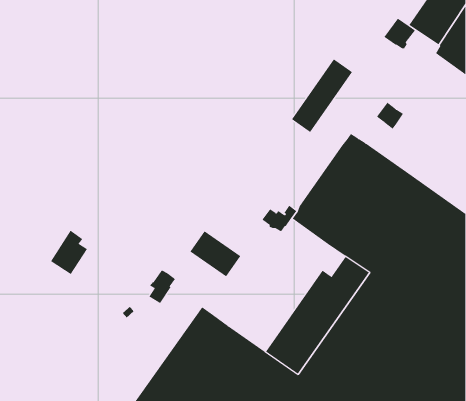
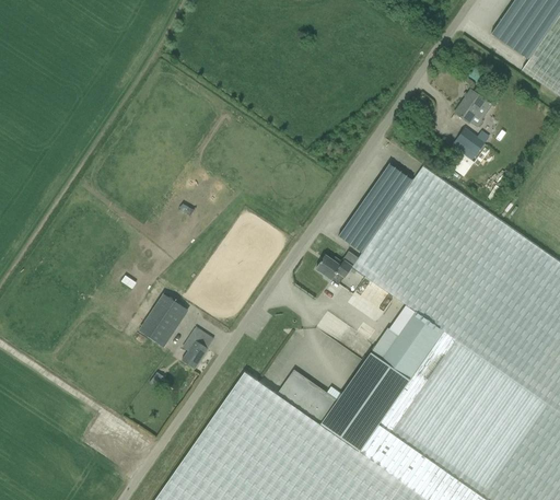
building: [384,18,416,49] -> [454,91,492,128]
building: [291,58,353,133] -> [337,164,410,253]
building: [50,230,88,275] -> [139,294,184,348]
building: [190,230,241,277] -> [276,371,337,427]

